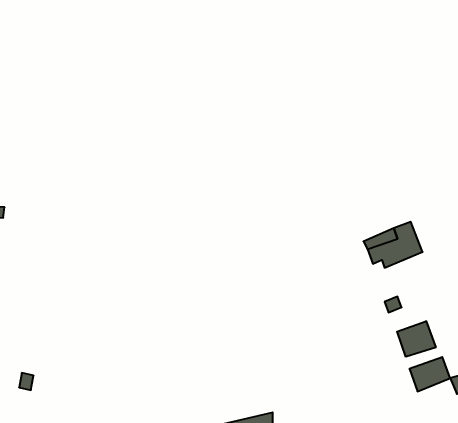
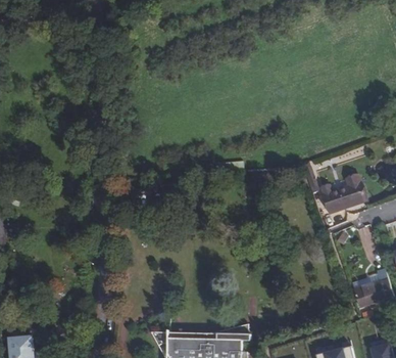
building: [397,321,436,357] -> none

